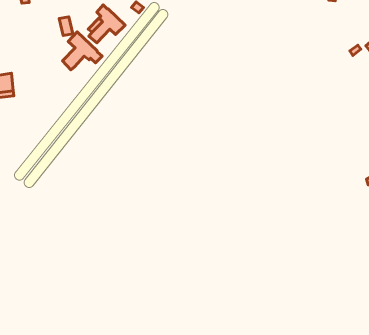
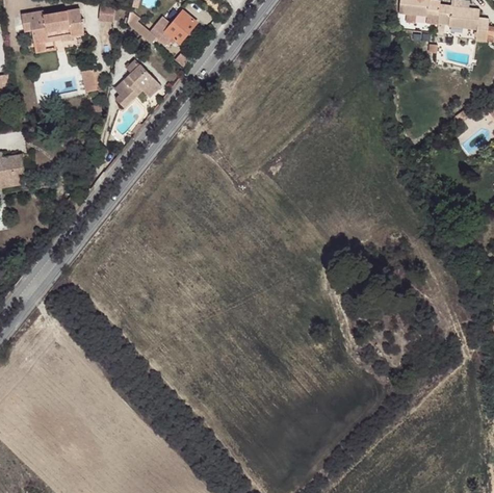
building: [63,32,102,70] -> none

